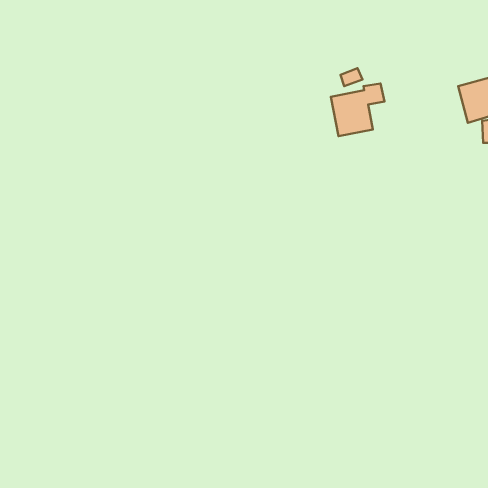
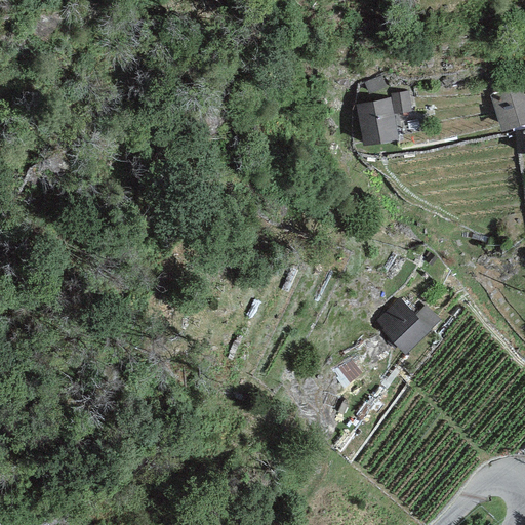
building: none -> [377,297,443,353]

